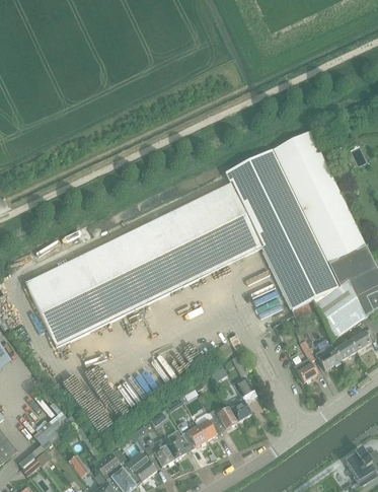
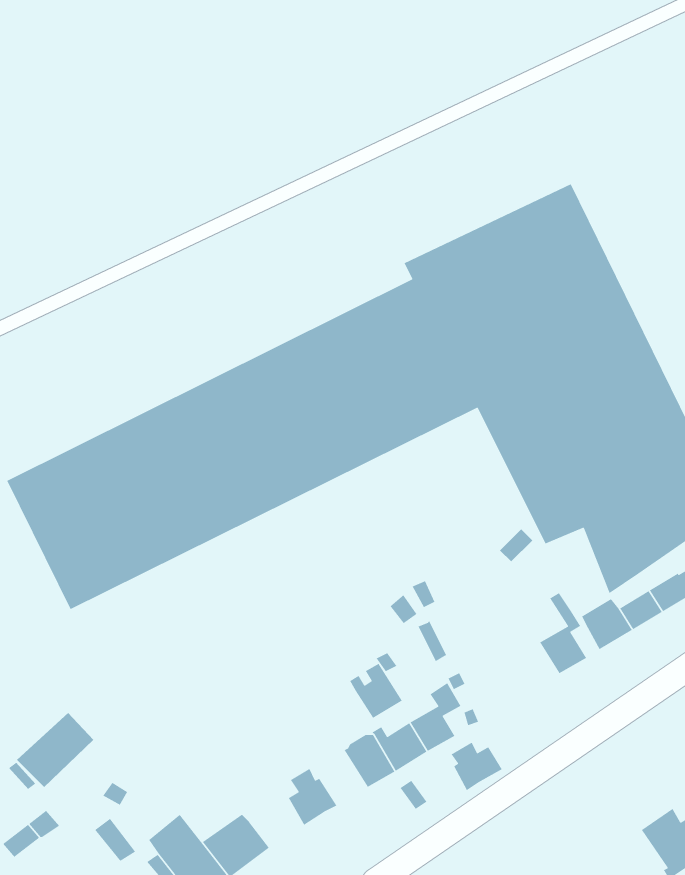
building: none -> [450,741,503,791]
building: [179,420,207,448] -> [349,663,403,719]
building: [144,441,174,466] -> none

